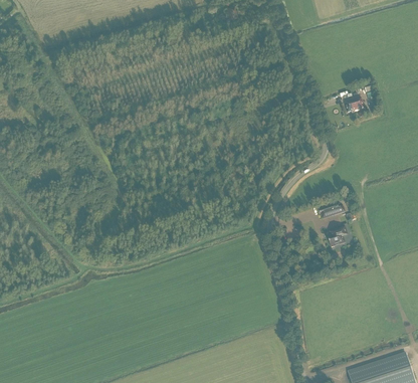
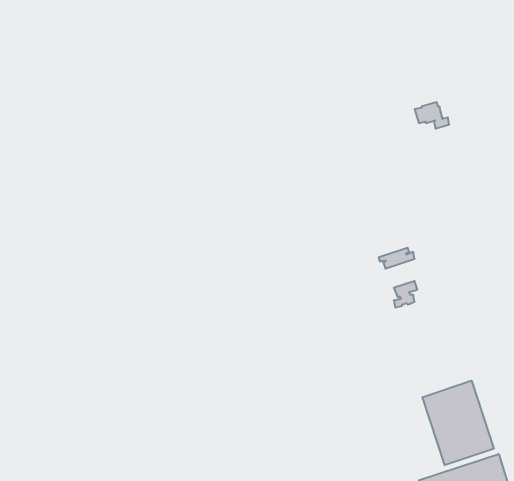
building: none -> [422,381,494,465]

